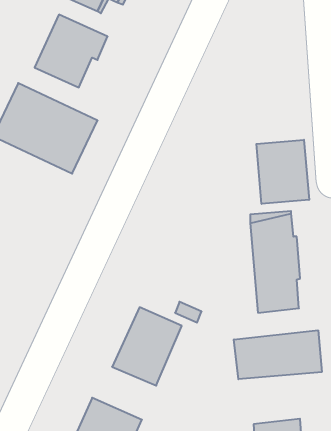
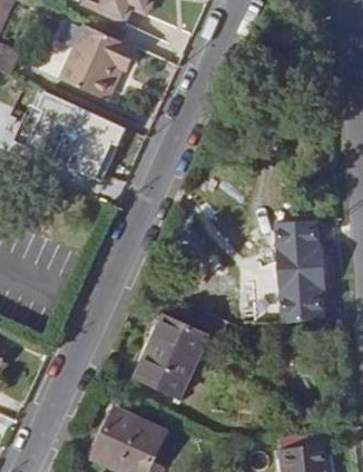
building: [256,140,309,204] -> none
building: [234,330,322,379] -> none

